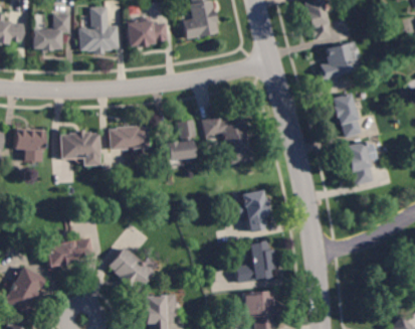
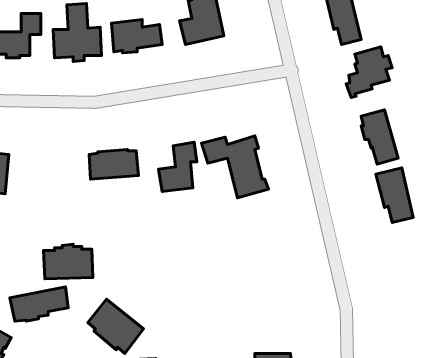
building: [60,130,100,158] -> [44,244,93,279]
building: [238,190,267,232] -> none
building: [235,241,275,283] -> none

